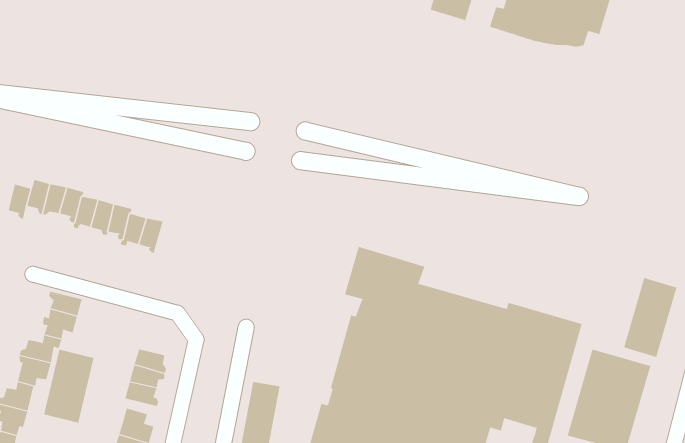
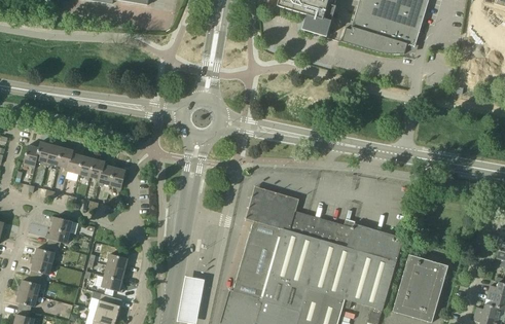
building: [624,277,677,358] -> none
building: [43,349,94,424] -> none

